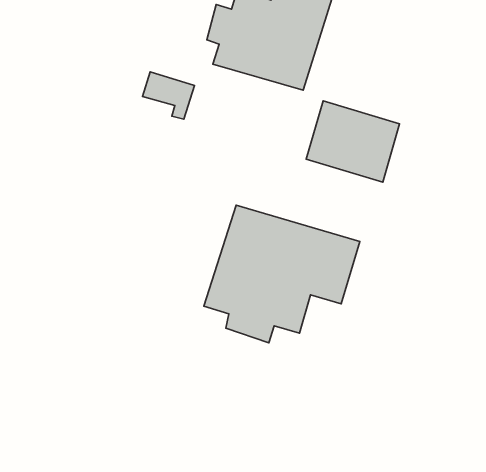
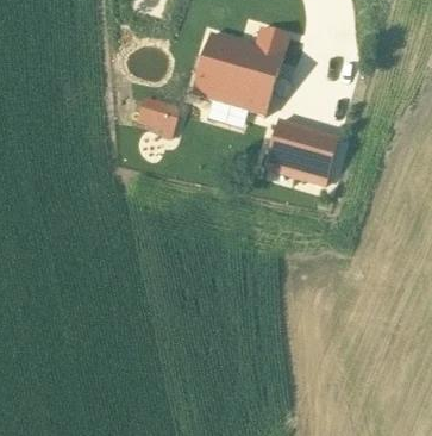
building: [204,205,360,343] -> none

